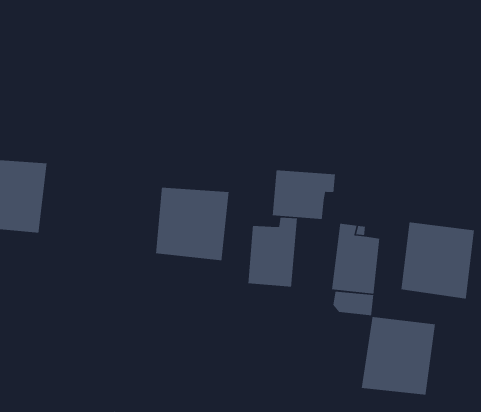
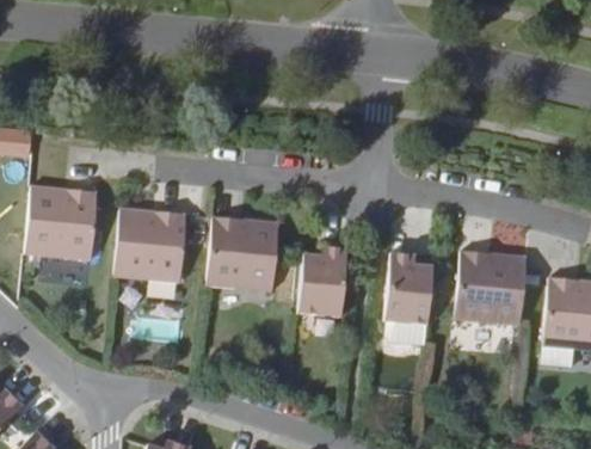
building: [272,169,336,220] -> none
building: none -> [115,207,189,281]
building: [361,316,436,395] -> none

